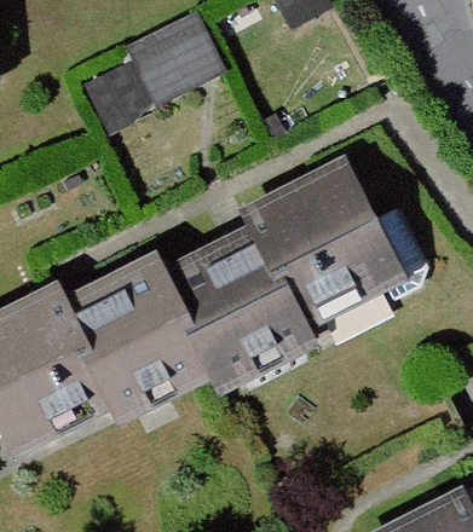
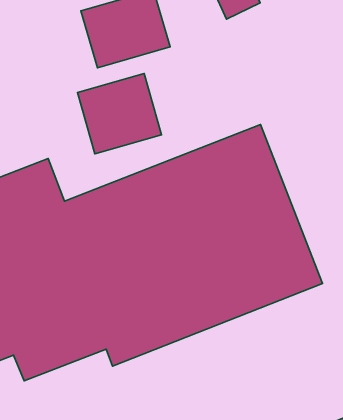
building: none -> [77,73,162,154]

